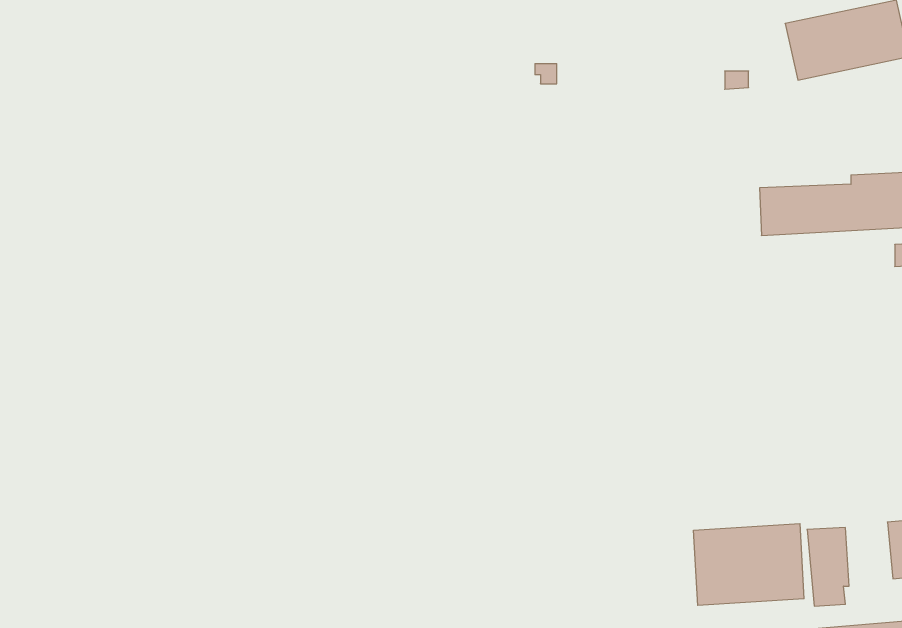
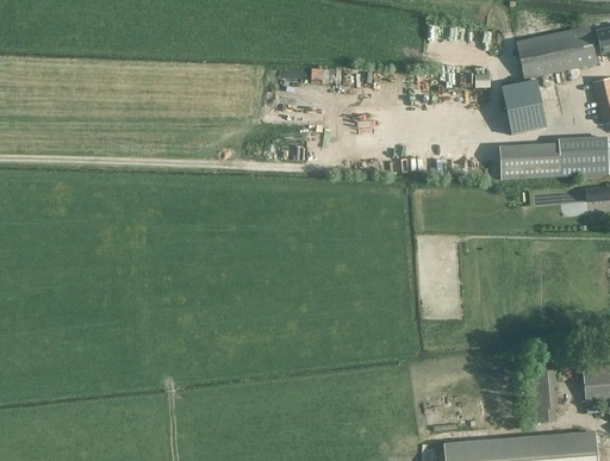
building: none -> [502,79,546,133]
building: [694,524,804,605] -> none

